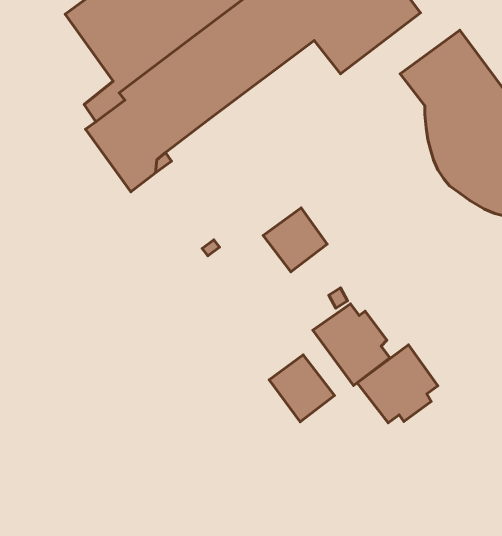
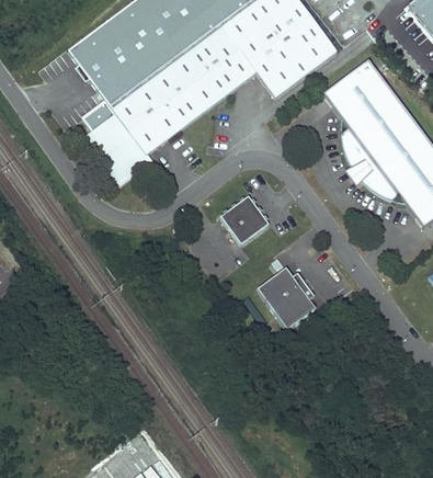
building: [357,345,438,423] -> none
building: [269,355,334,422] -> none

